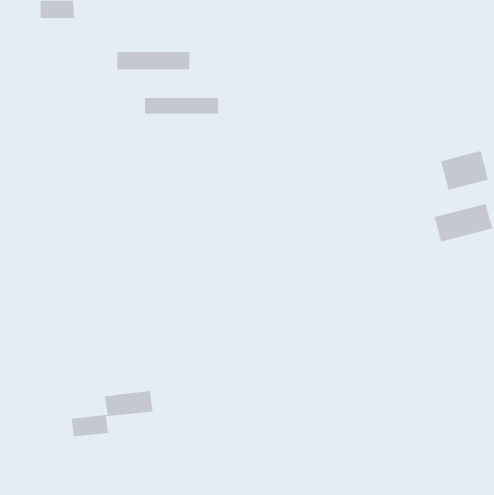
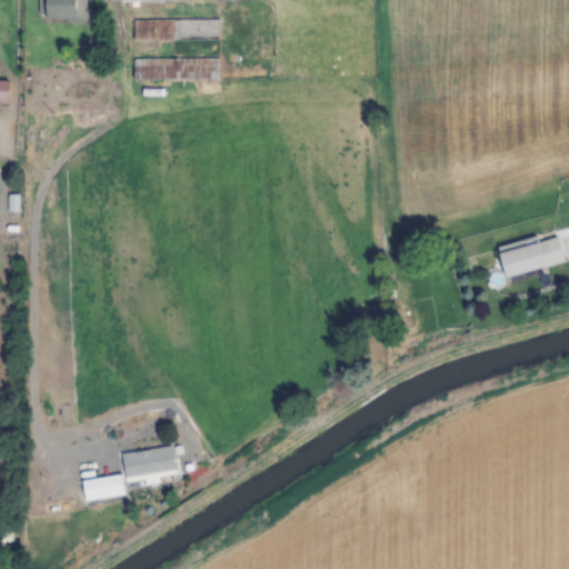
building: [144,98,219,114] -> [136,20,221,39]
building: [441,150,488,191] -> none

